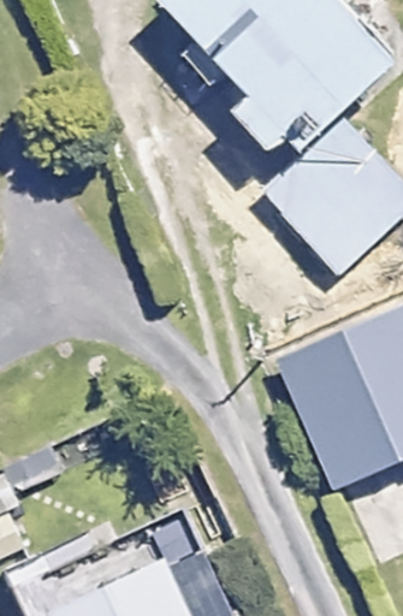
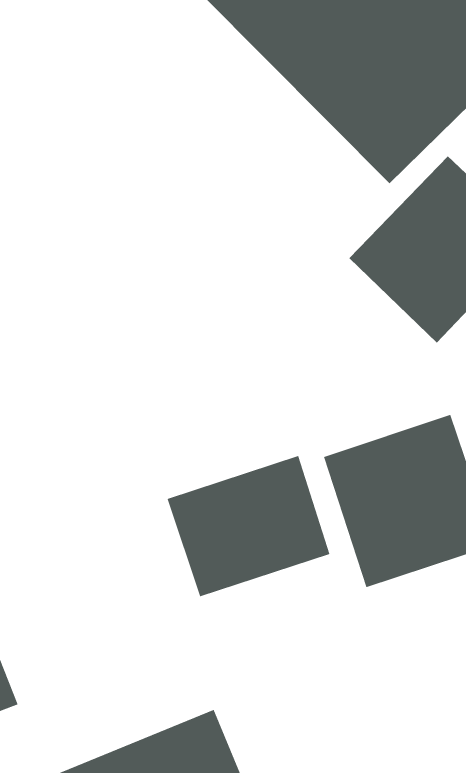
building: none -> [167,455,330,597]

